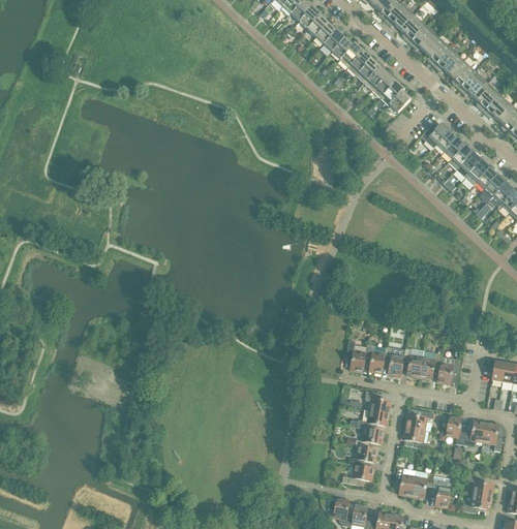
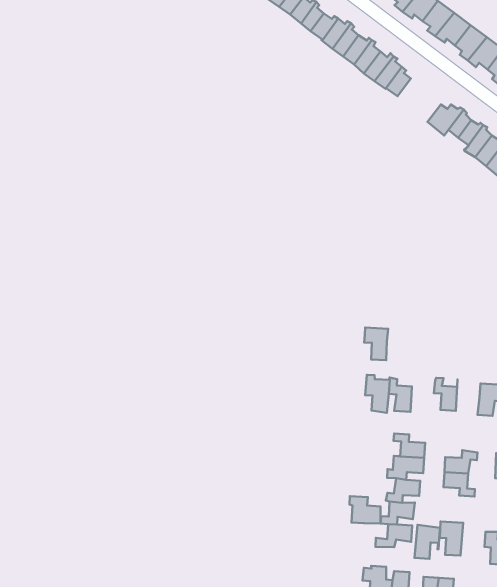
building: [385,347,405,376] -> [364,327,388,360]
building: [420,351,443,379] -> none
building: none -> [349,496,381,524]
building: [412,470,435,499] -> [414,525,440,559]

